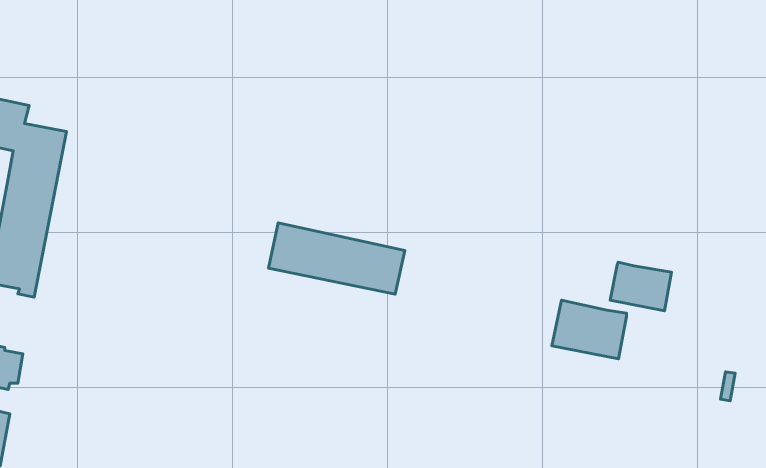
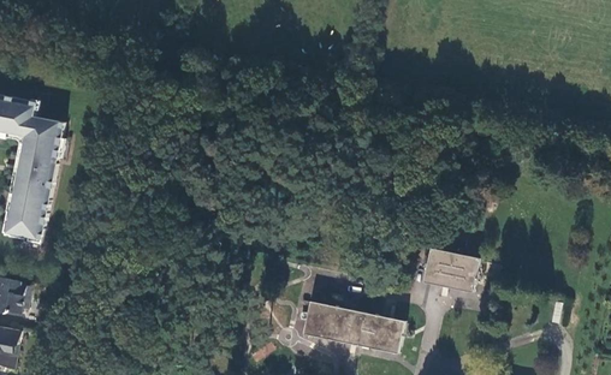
building: [269,223,405,294] -> [303,299,404,352]
building: [610,262,671,311] -> none

